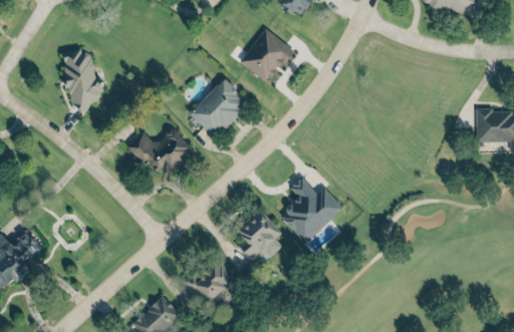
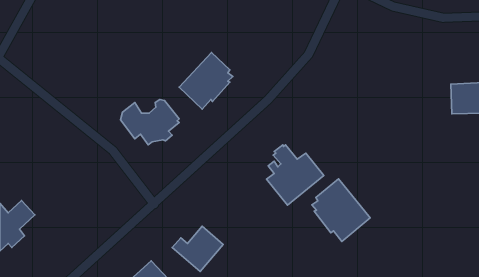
building: [239,29,294,83] -> none
building: [64,48,104,113] -> none
building: [235,211,281,263] -> none
building: none -> [312,179,370,241]

